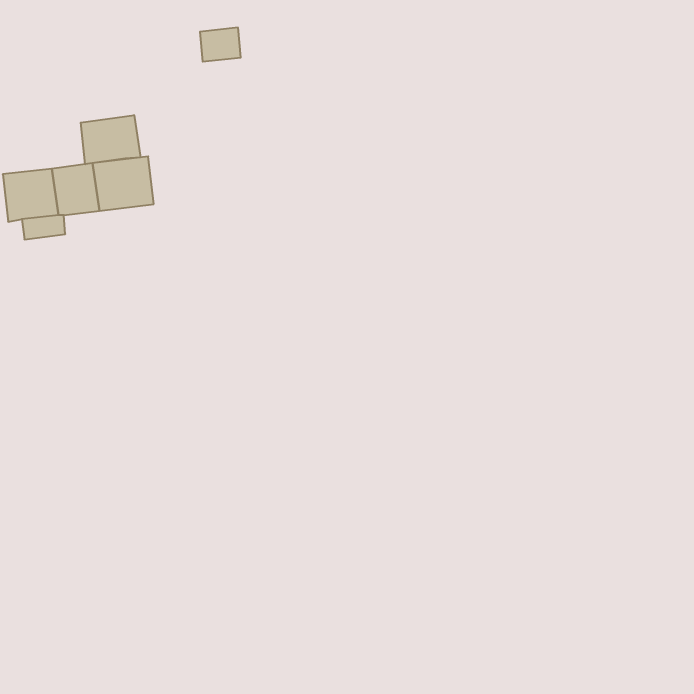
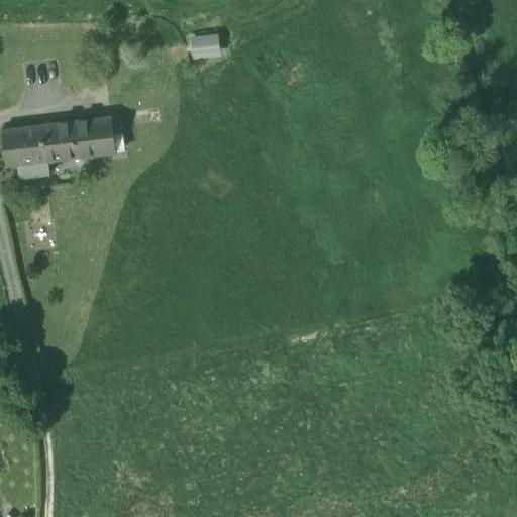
building: [200,28,241,62] -> [191,36,221,62]
building: [81,115,140,164] -> none

